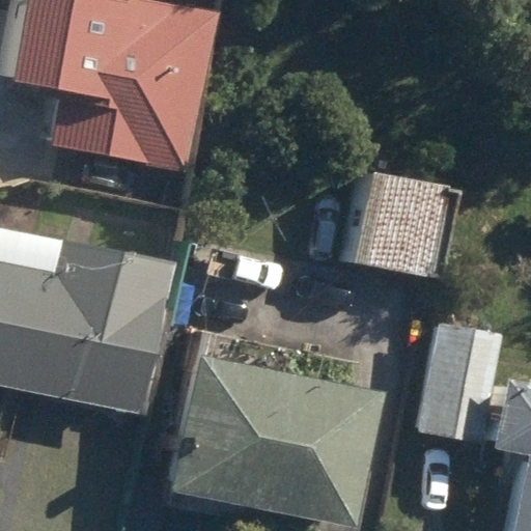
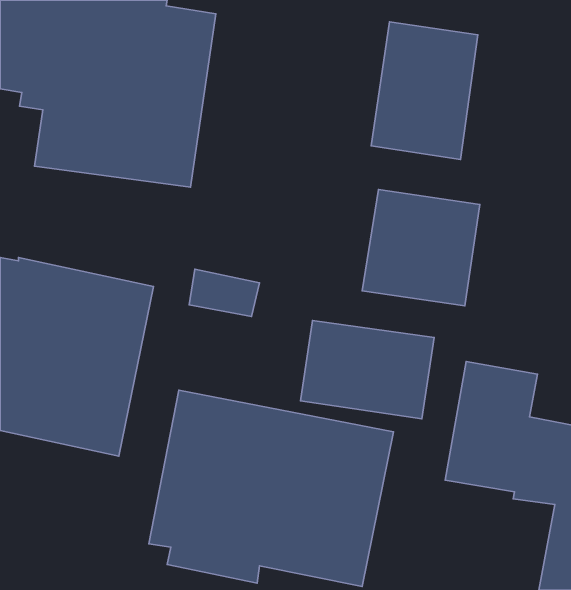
building: none -> [371,22,478,159]
building: none -> [301,321,434,419]

